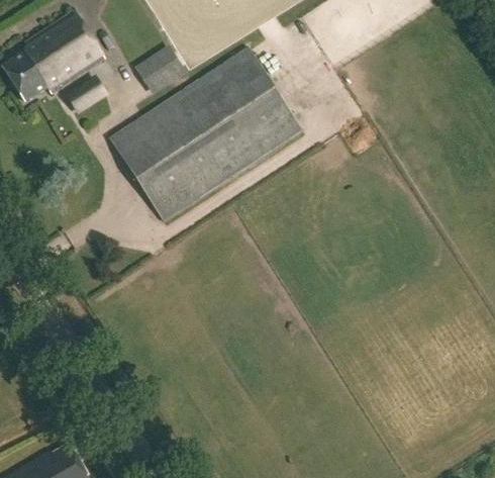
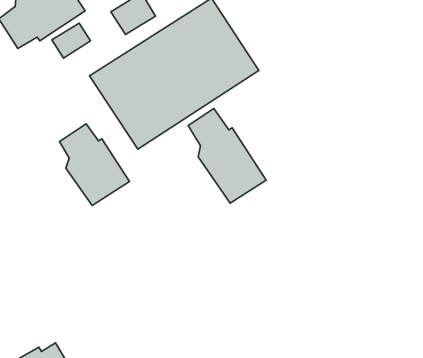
building: none -> [188,109,266,203]
building: none -> [59,124,130,206]

